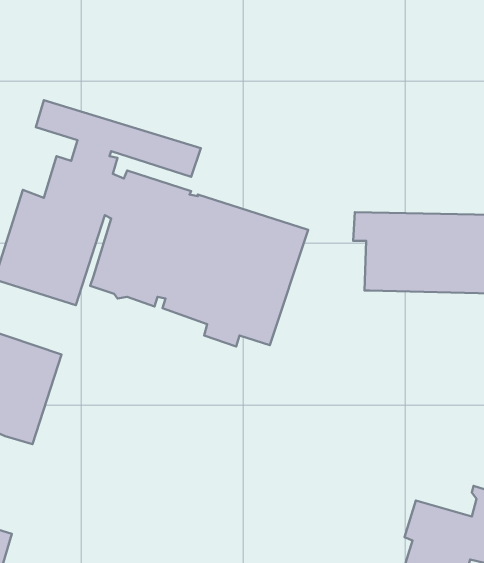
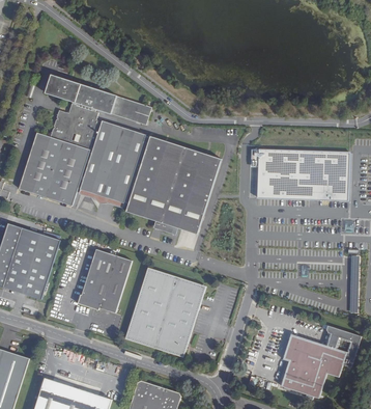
building: none -> [76,248,130,311]
building: none -> [124,267,205,356]

